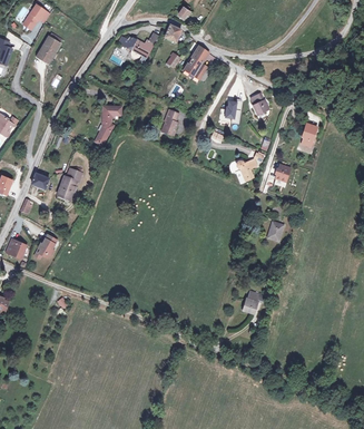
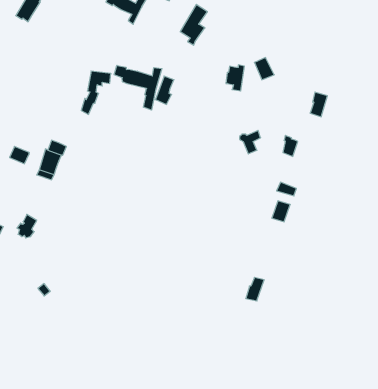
building: none -> [114,65,162,110]

